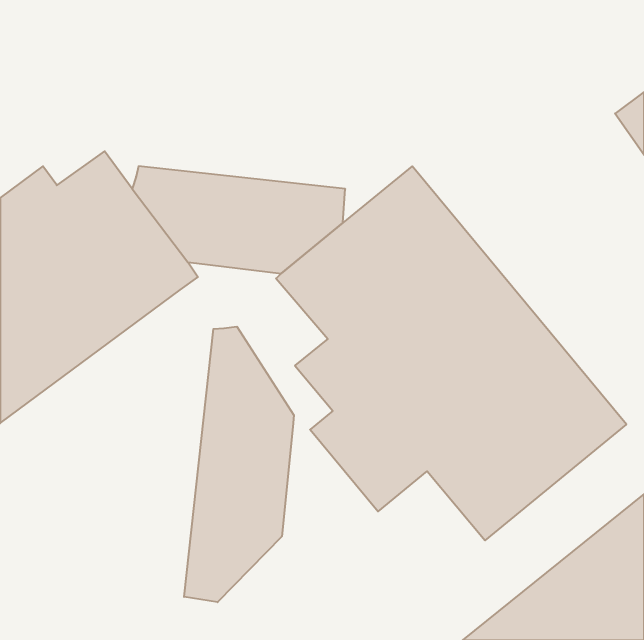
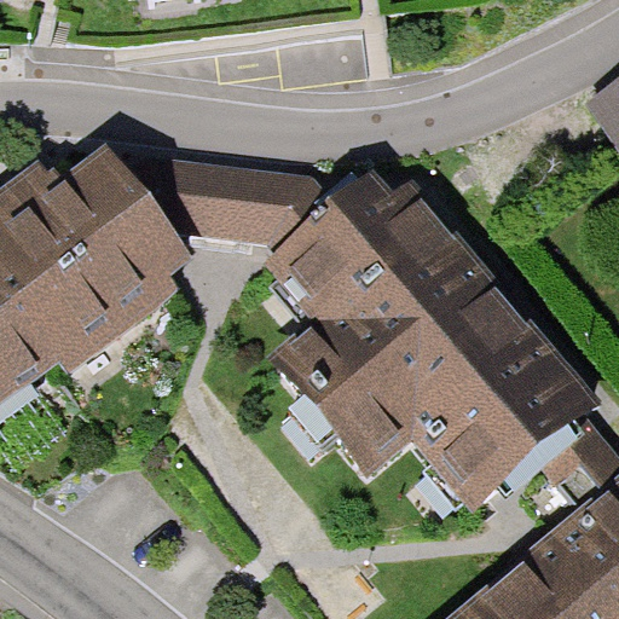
building: [184,327,294,602] -> none

